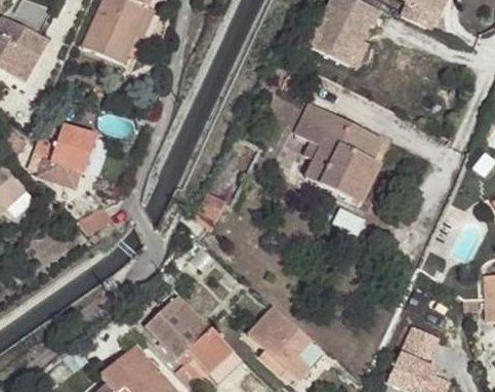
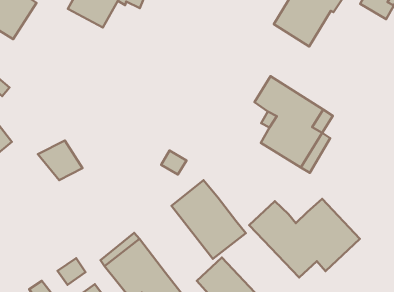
building: [29,122,97,187] -> none
building: none -> [172,180,246,259]
building: none -> [249,199,360,277]

